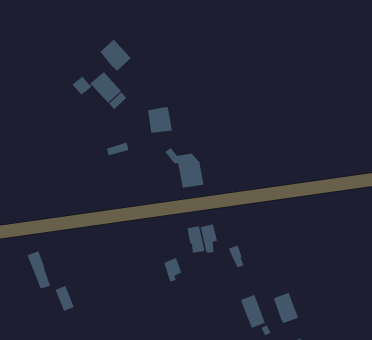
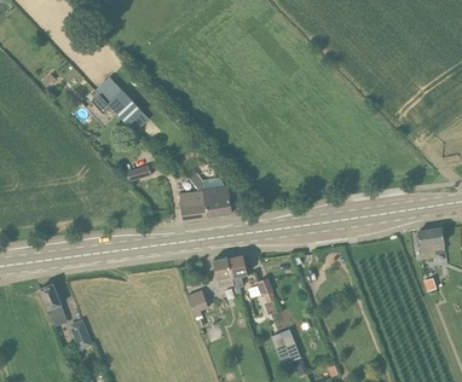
building: [100,39,132,71] -> none
building: [147,107,173,133] -> [180,190,208,219]
building: [273,292,299,324] -> none

